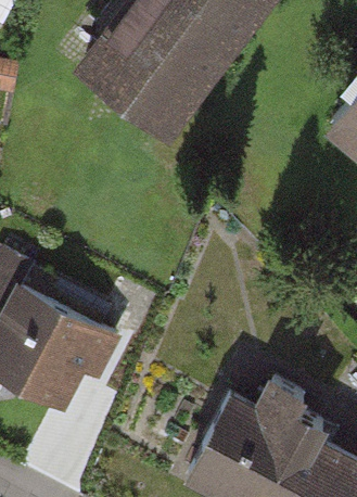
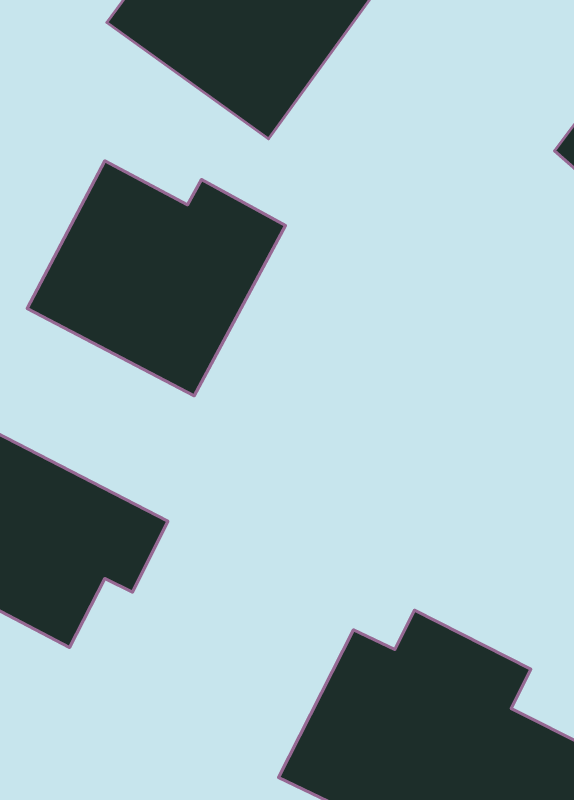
building: none -> [27,161,286,396]

